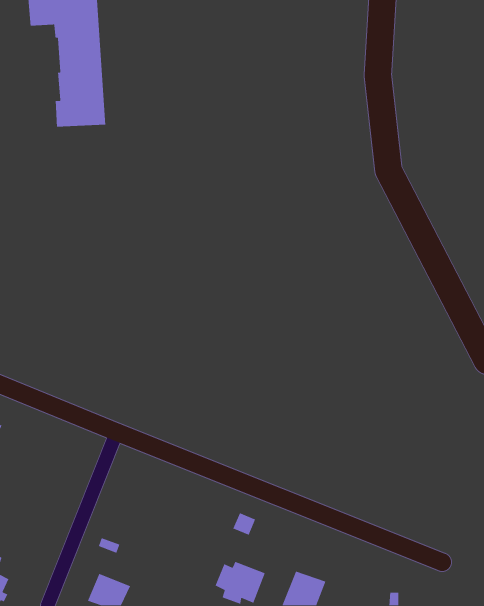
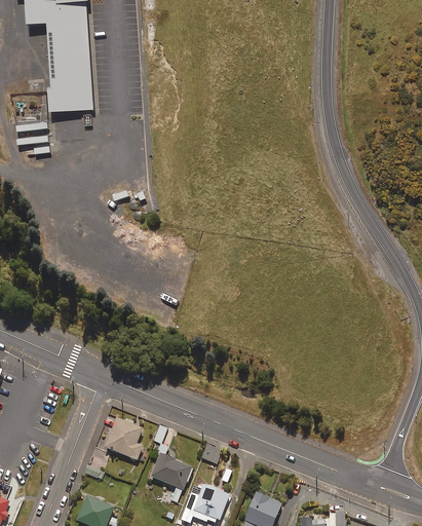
building: none -> [106,420,143,461]
building: none -> [153,453,194,499]

